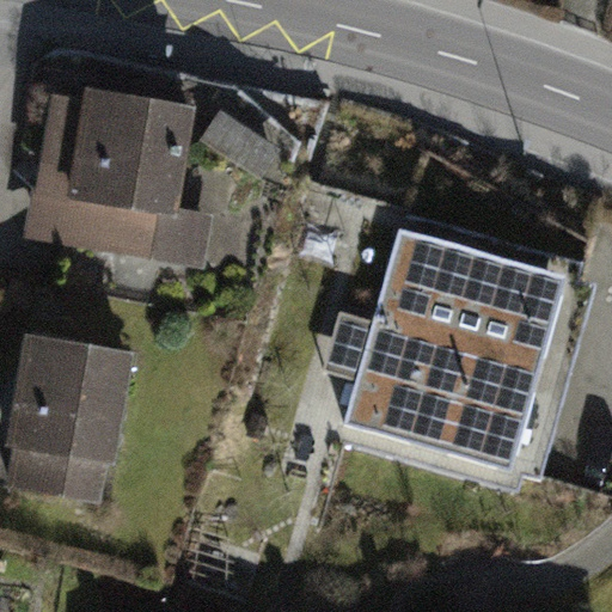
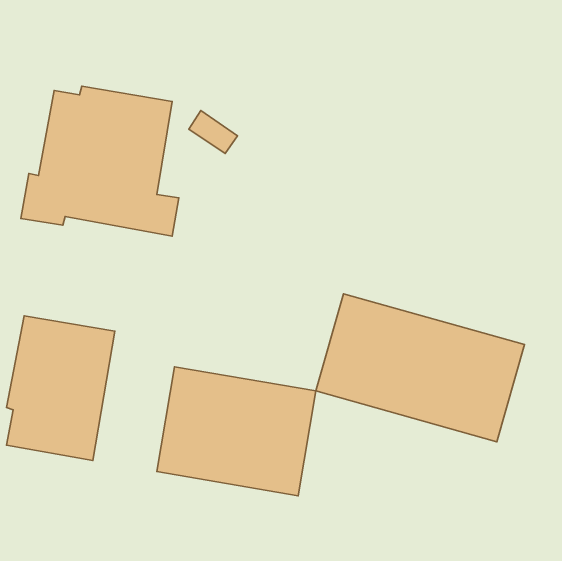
building: [372,228,594,373] -> none
building: none -> [157,367,316,496]

